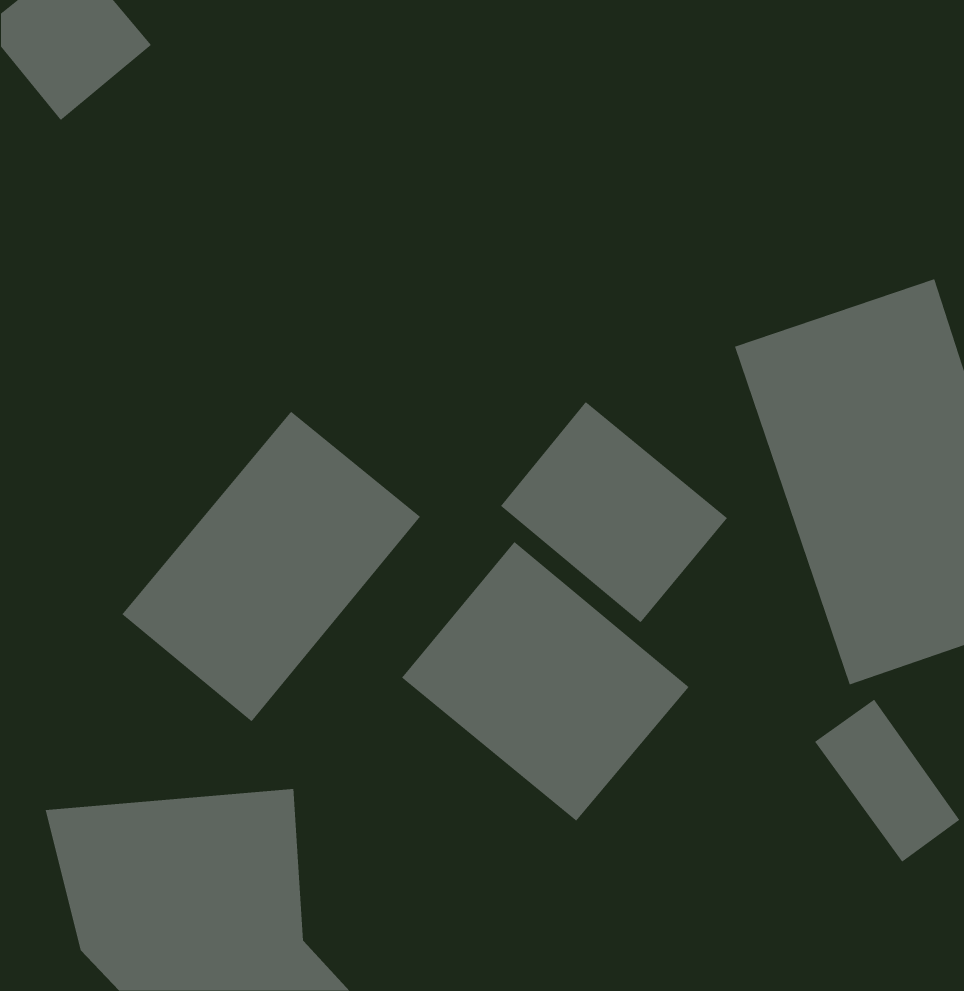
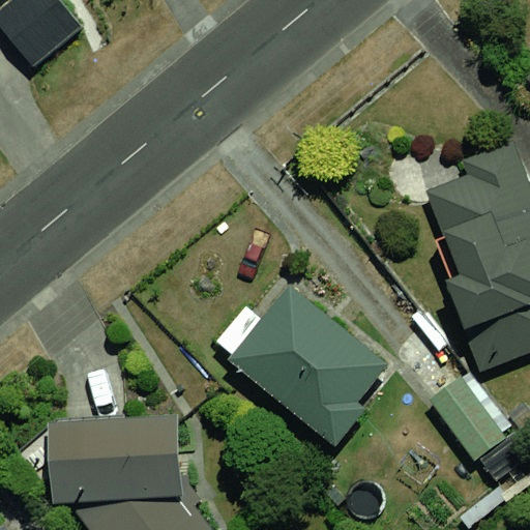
building: [500,401,728,623] -> none
building: [122,411,421,722] -> none

